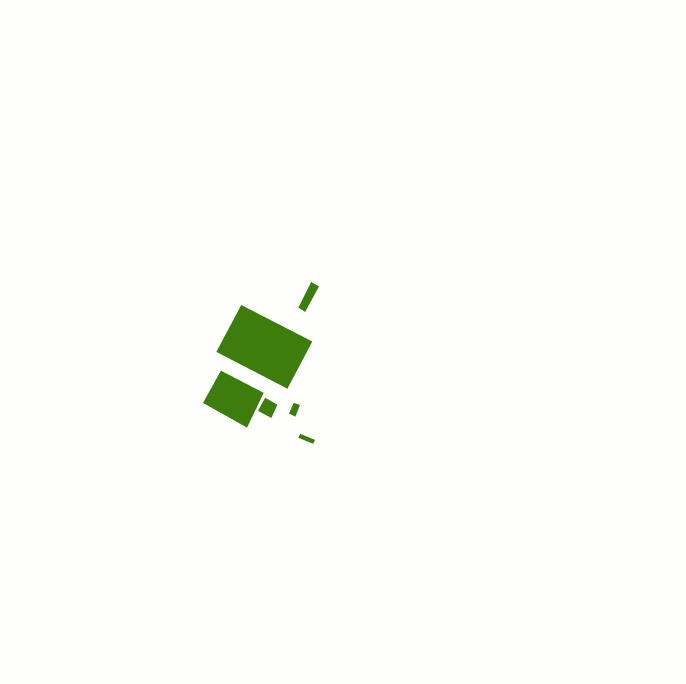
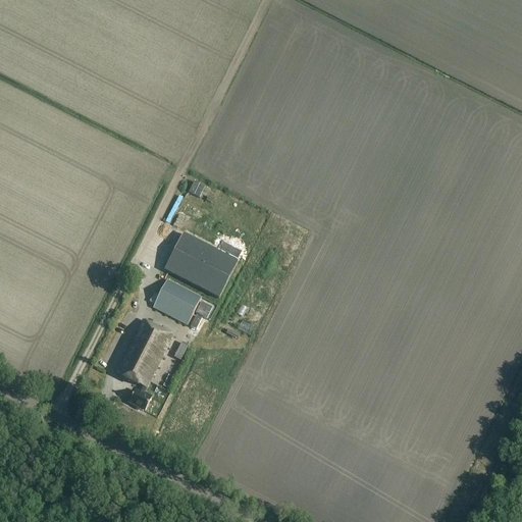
building: none -> [117,320,174,411]

